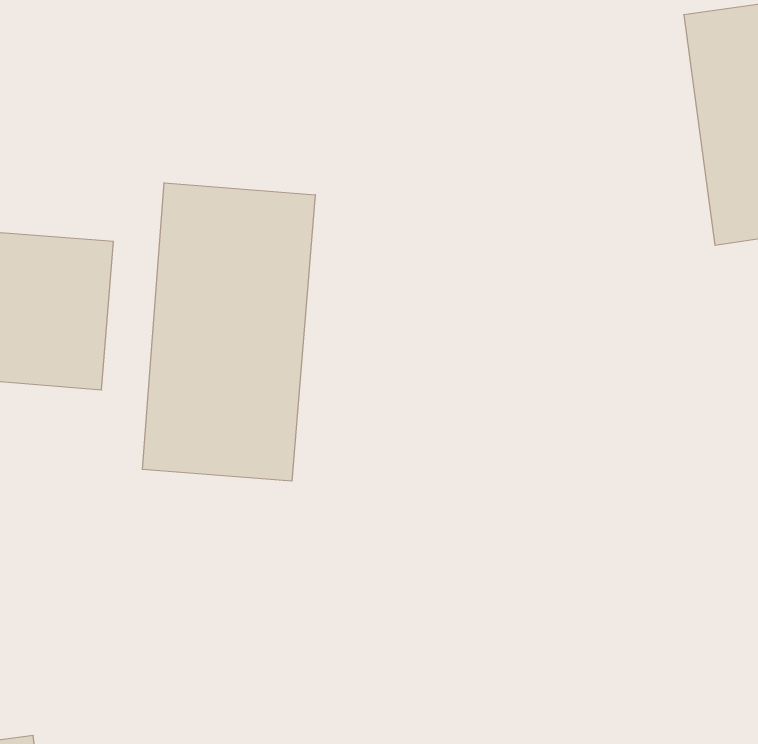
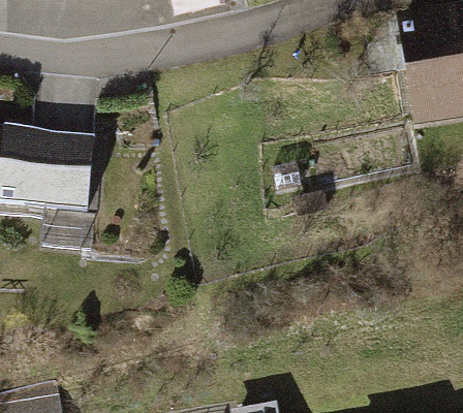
building: [142,183,315,481] -> none

